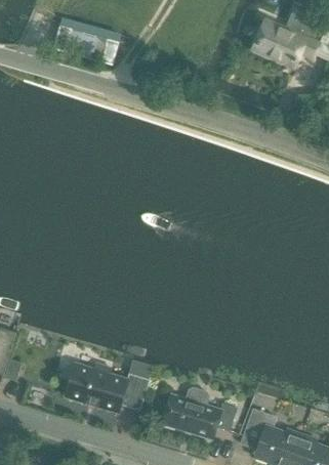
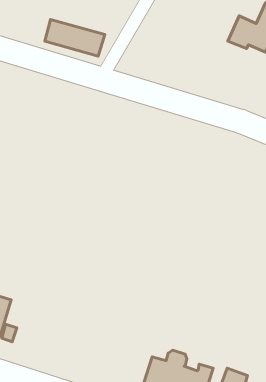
building: [64,364,149,413] -> none

